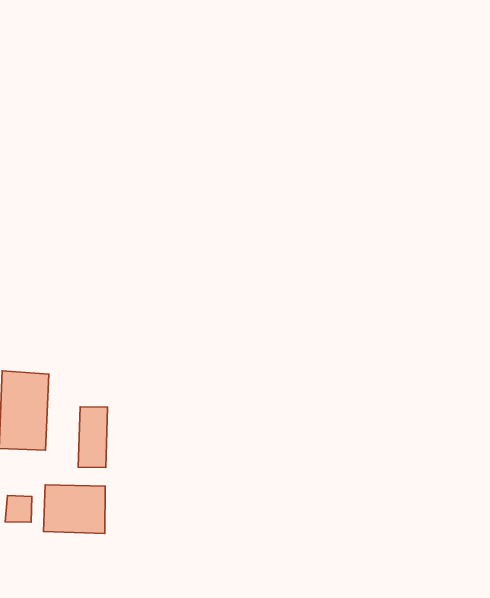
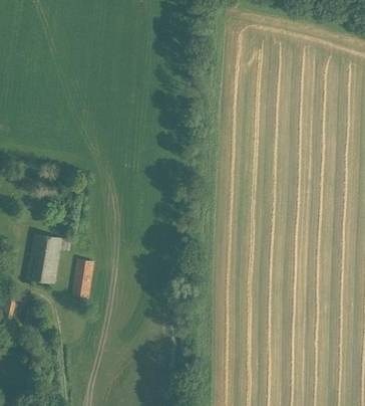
building: [44,485,105,533] -> none

